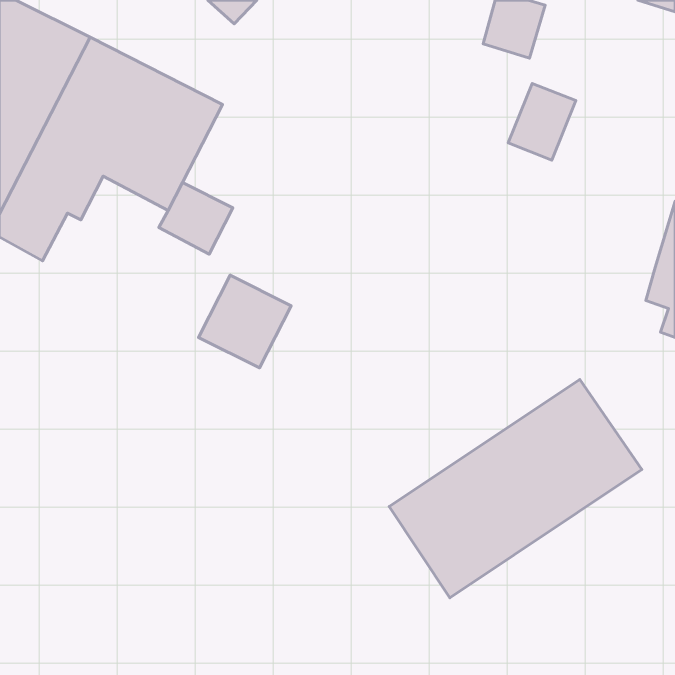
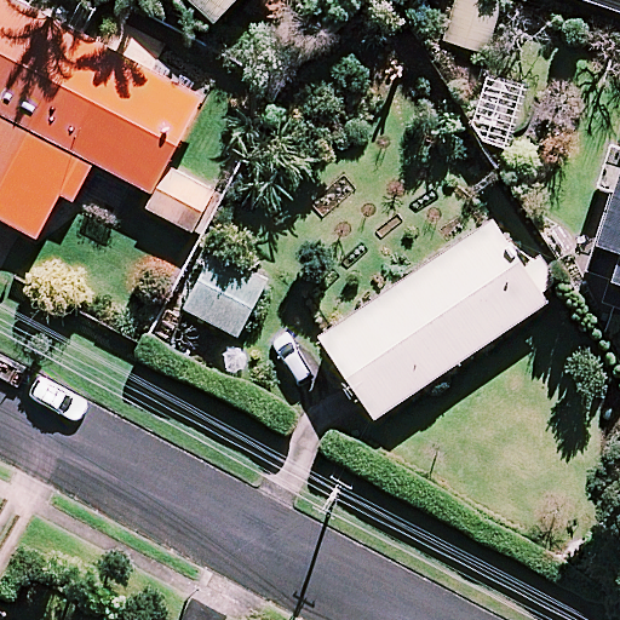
building: [389,379,642,598] -> [316,220,547,420]

